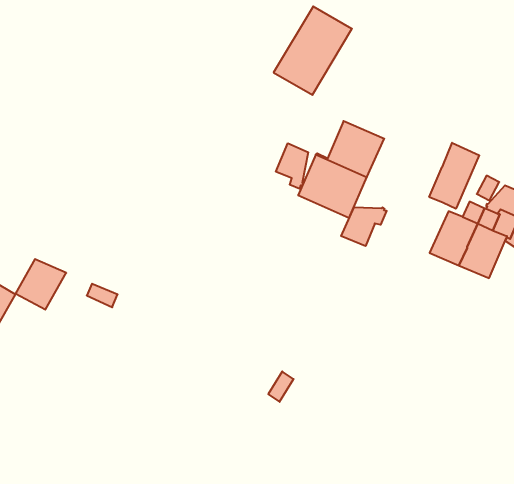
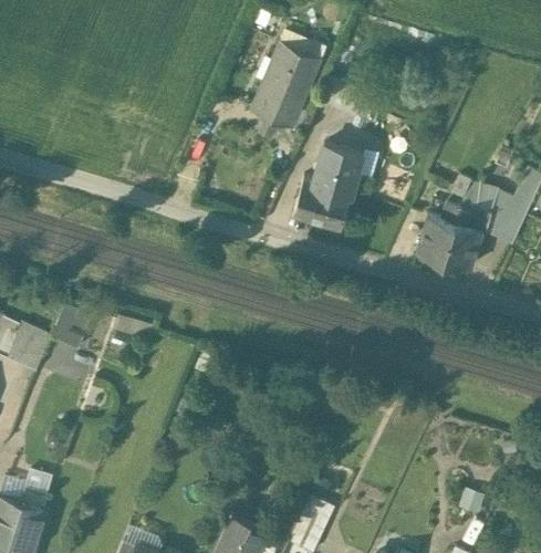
building: [429,143,479,209] -> none
building: [276,143,308,189] -> none
building: [341,207,387,246] -> none

